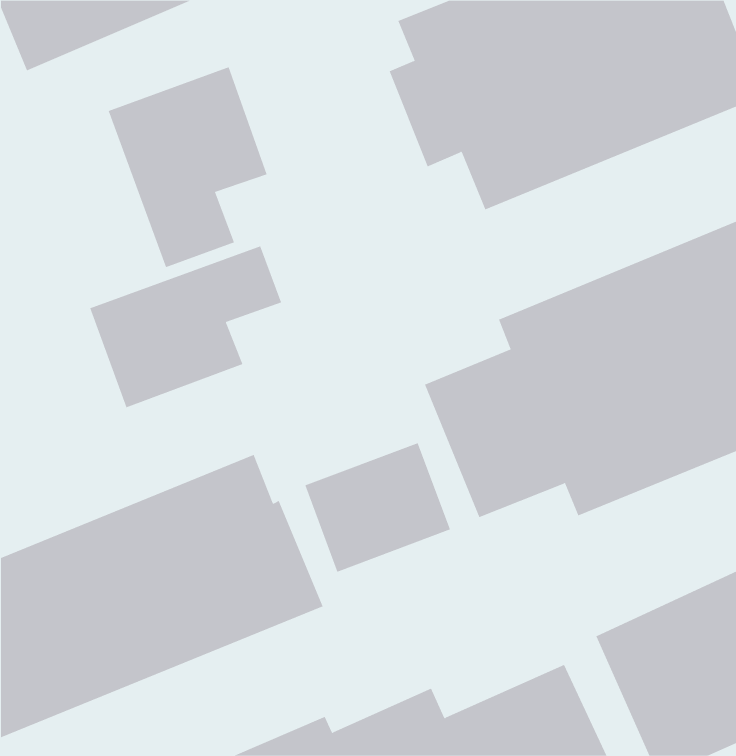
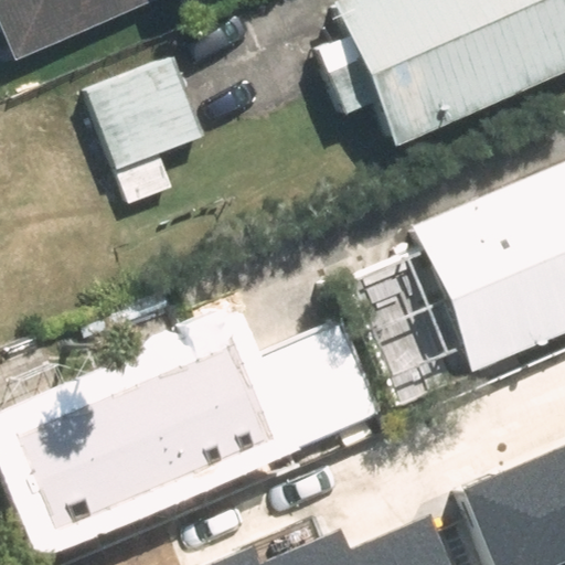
building: [90,245,282,408] -> none

